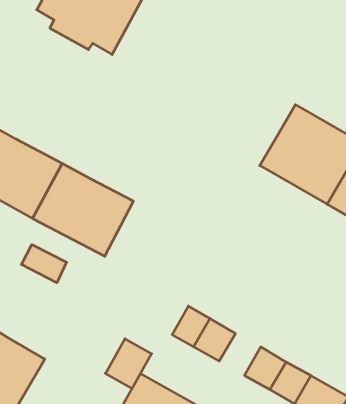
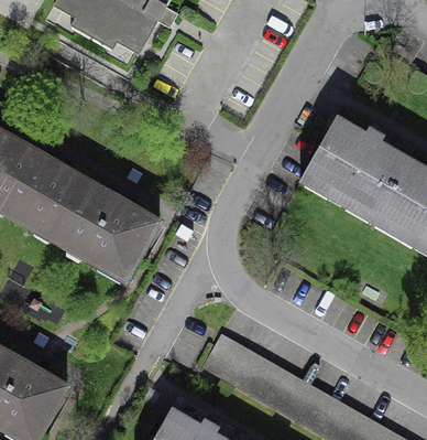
building: [21,245,67,283] -> none
building: none -> [253,363,298,408]
building: [105,339,152,388] -> none

